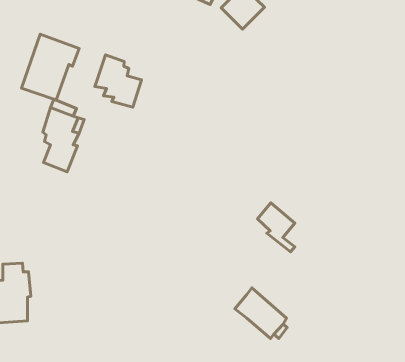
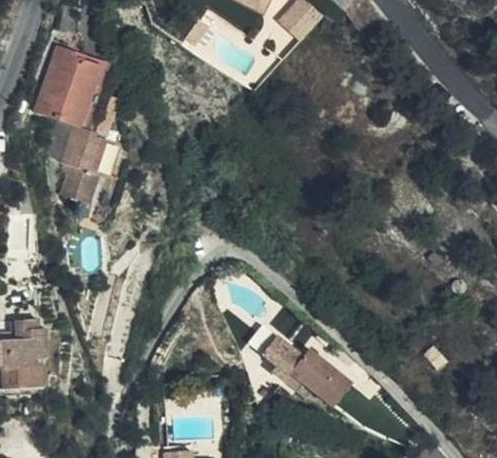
building: [95,55,141,107] -> none
building: [257,203,295,252] -> [259,331,303,390]

